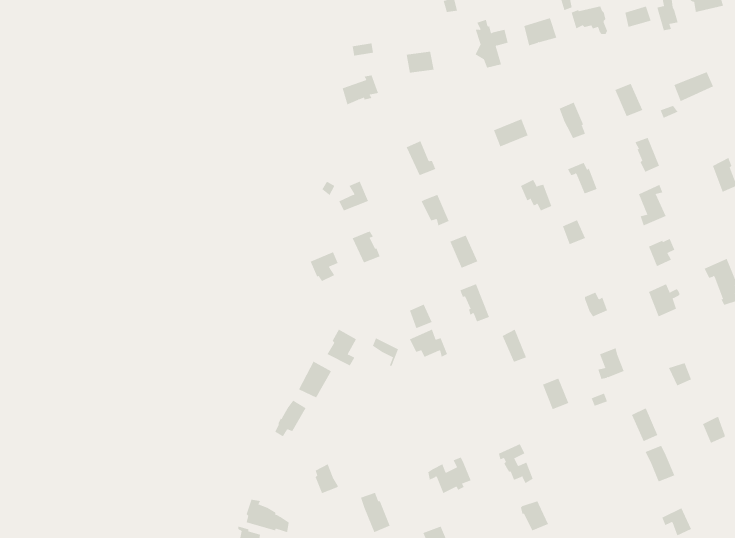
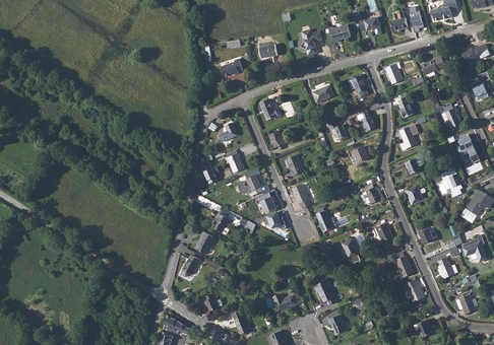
building: none -> [239,167,263,195]

